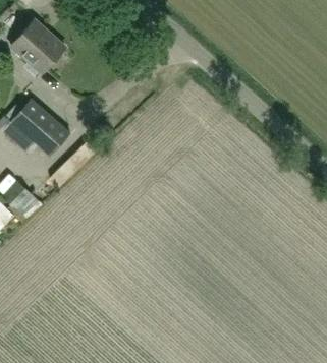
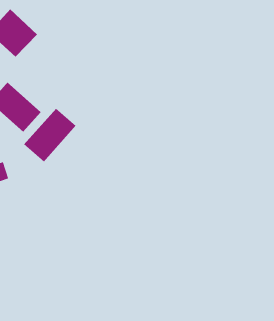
building: none -> [23,108,77,162]

